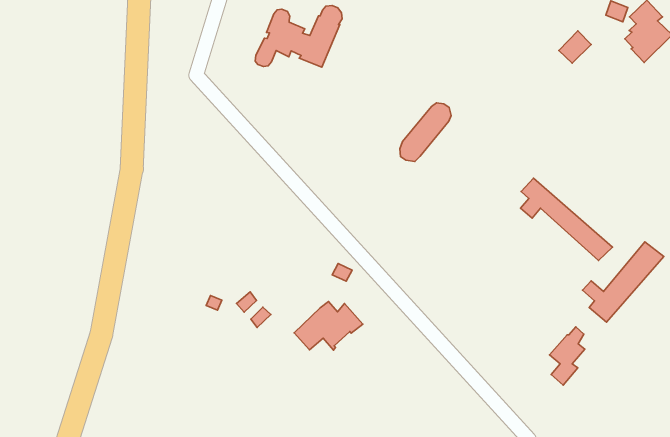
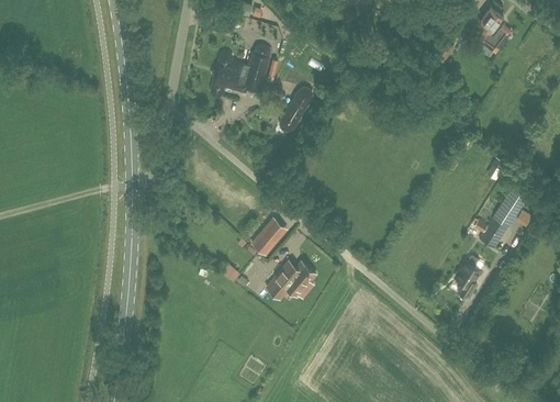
building: [400,103,451,161] -> [278,86,312,131]
building: [520,178,612,260] -> none
building: none -> [250,217,287,255]

